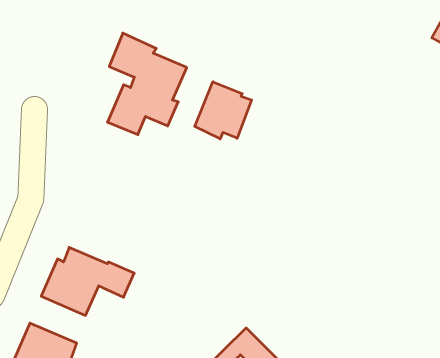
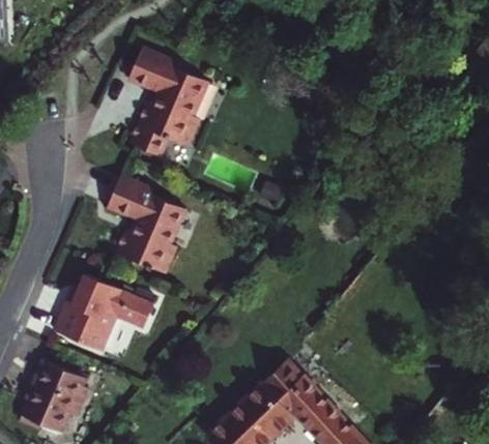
building: [195,82,252,139] -> none
building: none -> [108,174,186,277]

